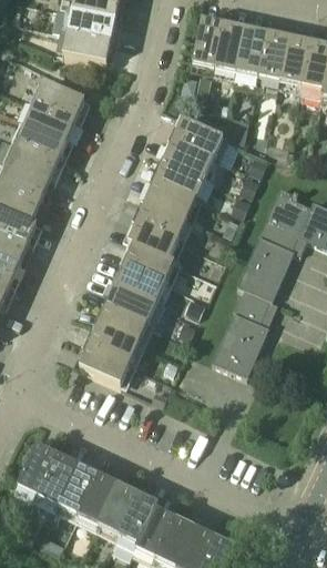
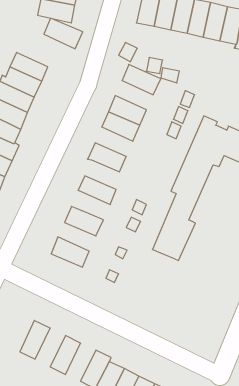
building: [34,81,85,121] -> [44,18,83,49]
building: [164,139,214,178] -> none
building: [137,200,187,239] -> none
building: [124,243,175,282] -> none
building: [106,283,157,322] -> none
building: [89,325,139,363] -> none
building: [18,444,58,495] -> none
building: [59,464,99,515] -> none
building: [99,484,139,534] -> none

